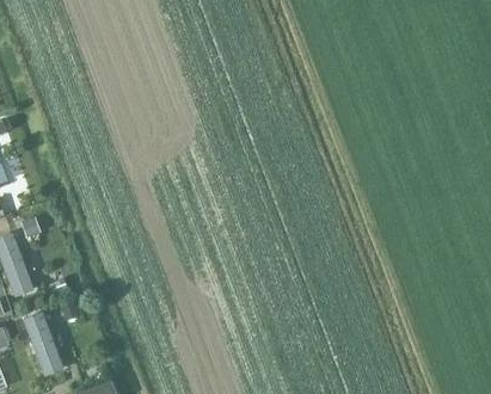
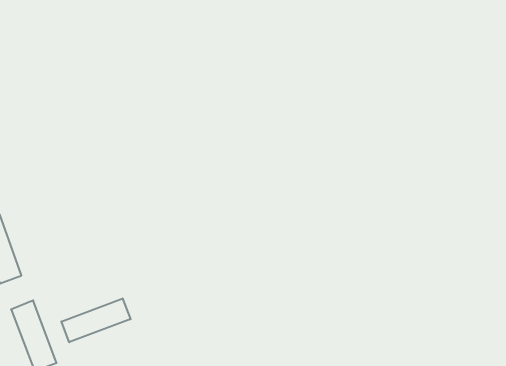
building: none -> [61,298,131,342]

